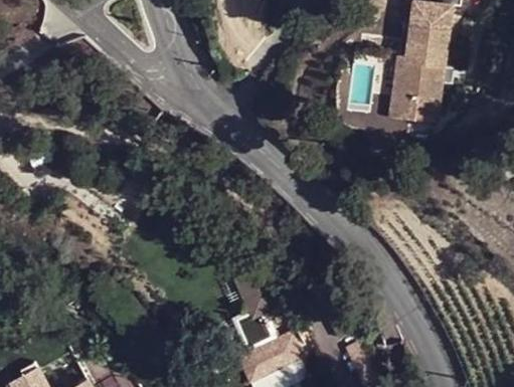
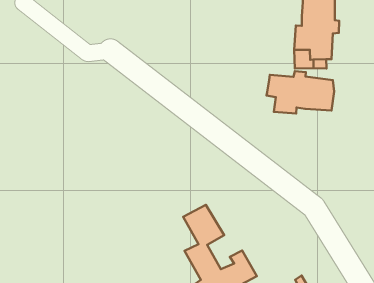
building: none -> [266,71,334,113]

